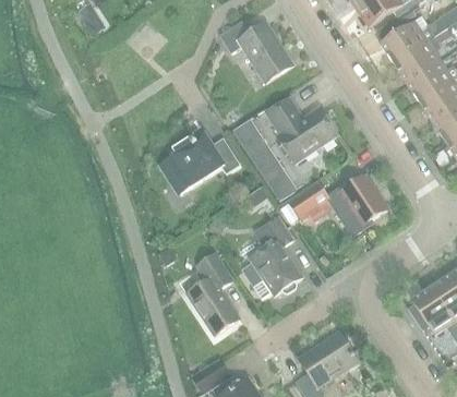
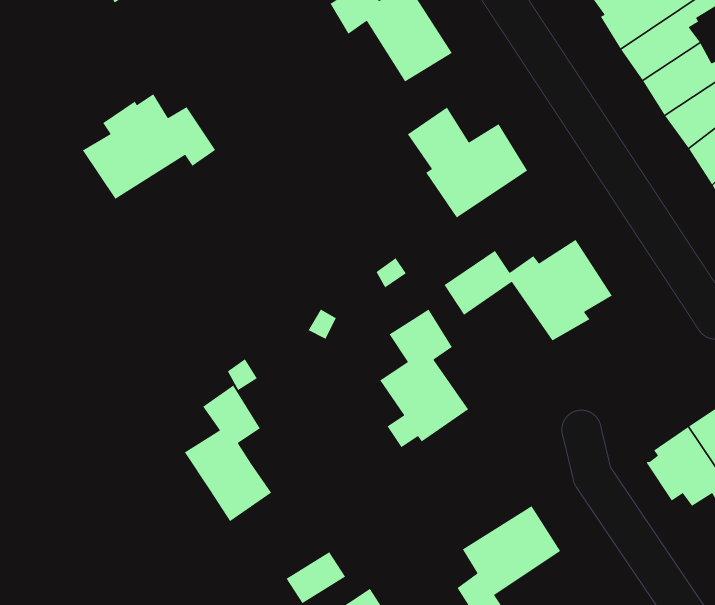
building: [232,118,296,198] -> none
building: [161,129,241,192] -> [82,93,216,200]
building: [188,252,240,334] -> [184,384,272,522]

